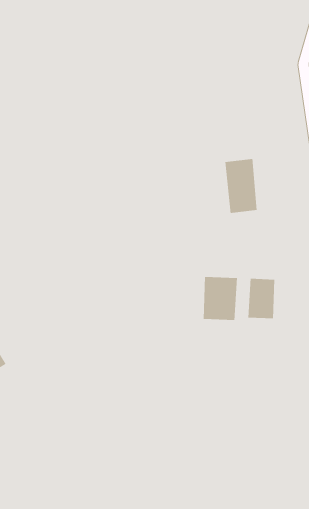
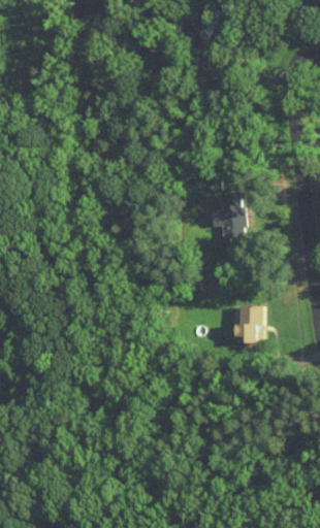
building: [203,276,237,321] -> none

